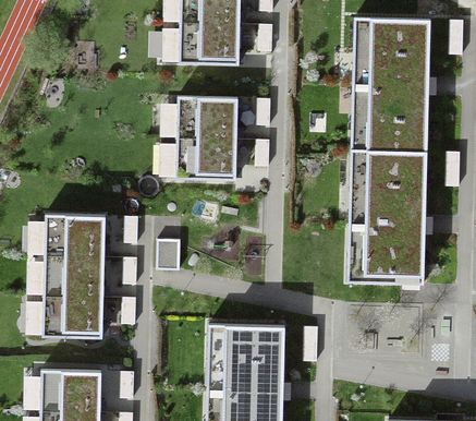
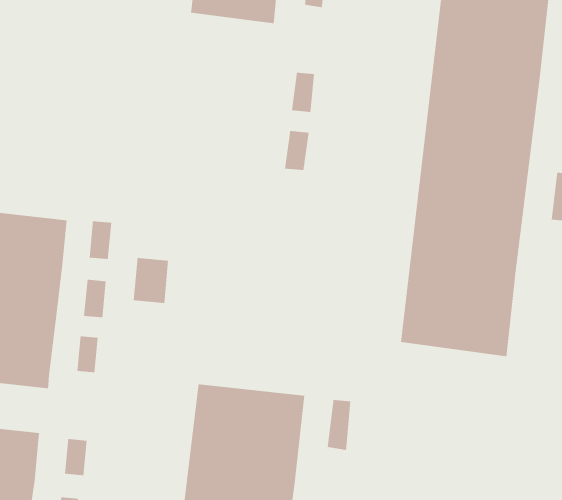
building: [175,96,237,179] -> none

